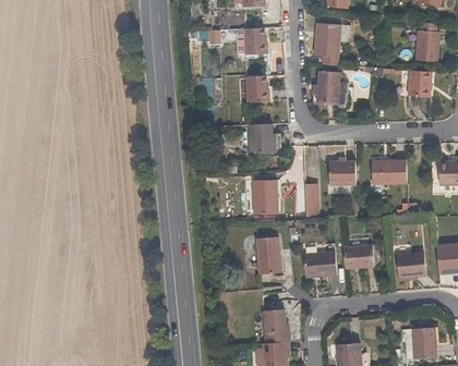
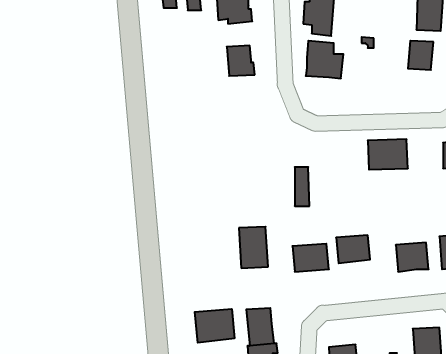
building: [248,123,276,154] -> none
building: [328,159,355,185] -> none
building: [252,180,278,214] -> none
building: none -> [195,309,234,343]

